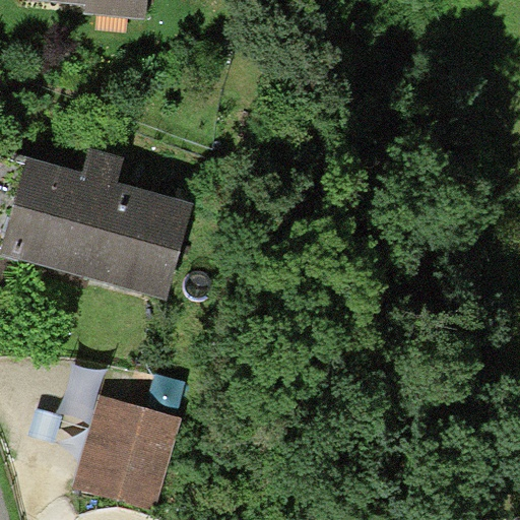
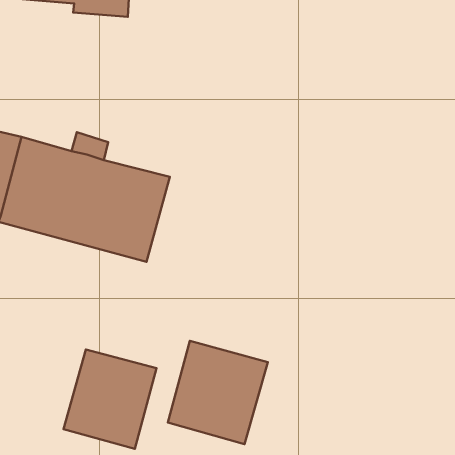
building: none -> [168,341,268,444]

